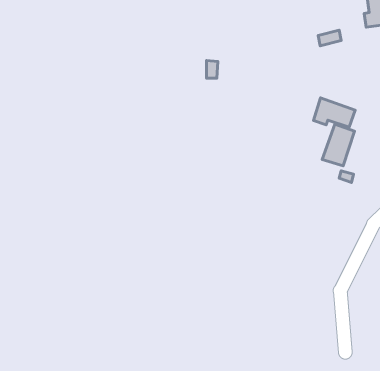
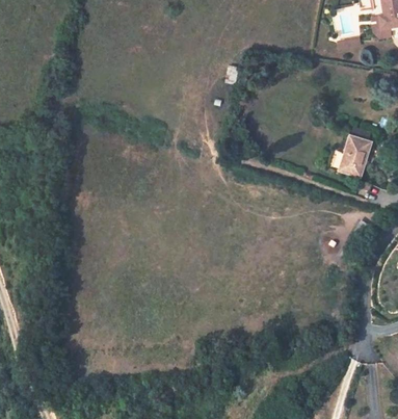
building: [313,98,355,127] -> none

